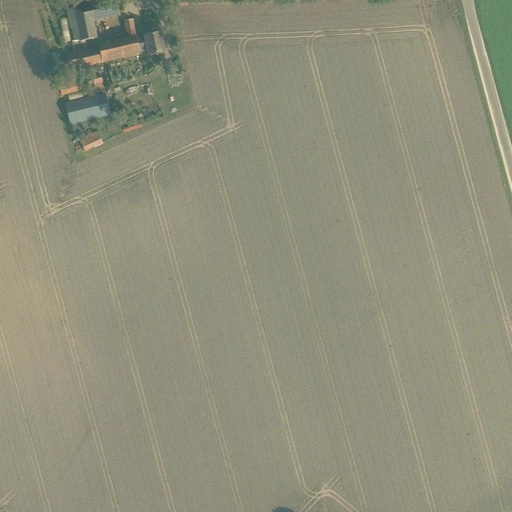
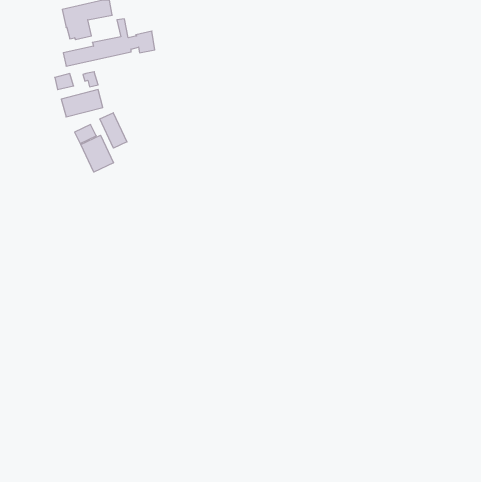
building: none -> [100,113,127,148]
building: none -> [81,135,113,172]

